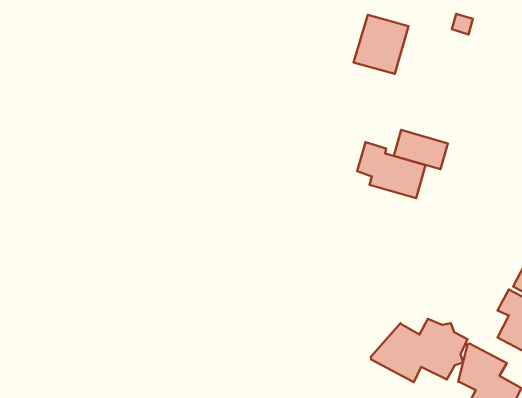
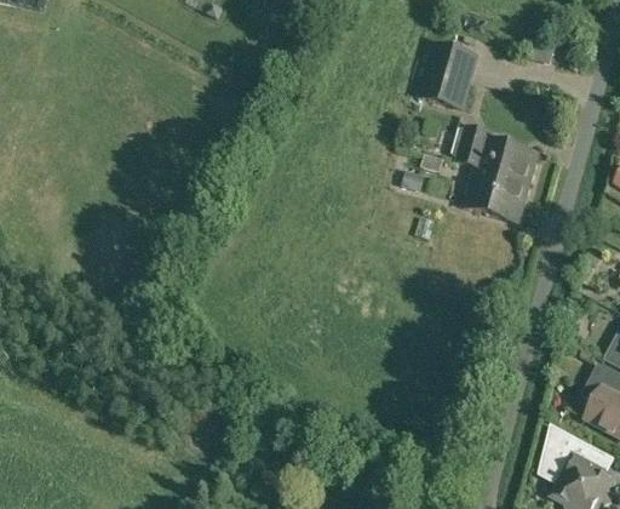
building: [357,142,426,198] -> [458,124,538,189]
building: [371,319,468,382] -> none

